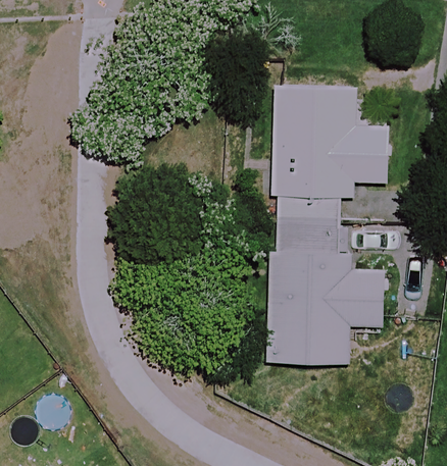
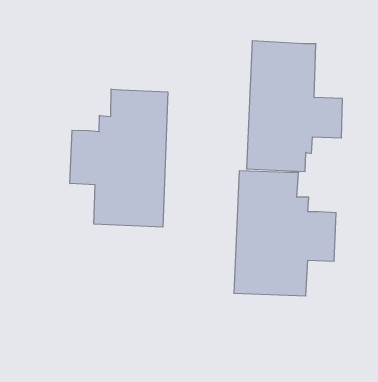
building: none -> [70,89,168,227]

